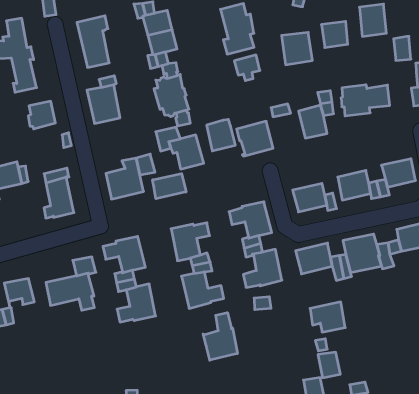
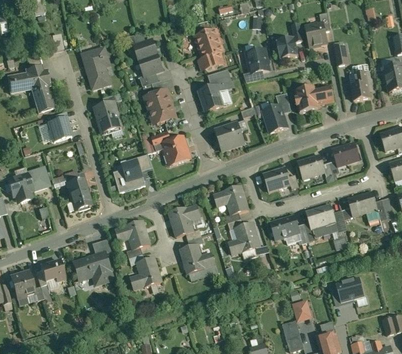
building: [207,119,235,151] -> [200,85,224,111]
building: [153,174,186,199] -> none
building: [310,302,345,332] -> [336,276,365,301]
building: [203,313,237,360] -> none

